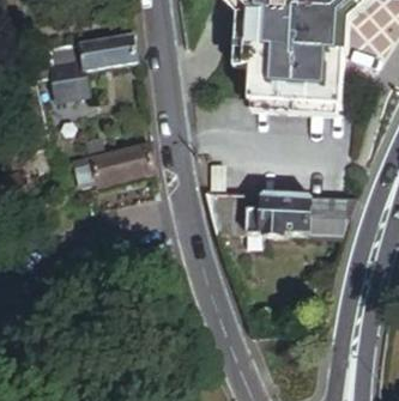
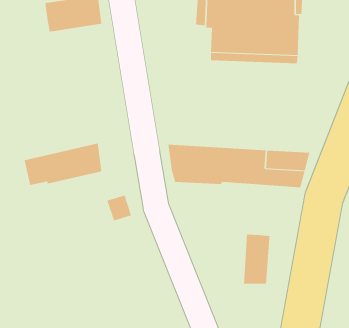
building: [46,59,85,98] -> none
building: [69,142,151,187] -> [24,143,102,185]
building: none -> [243,234,271,285]

